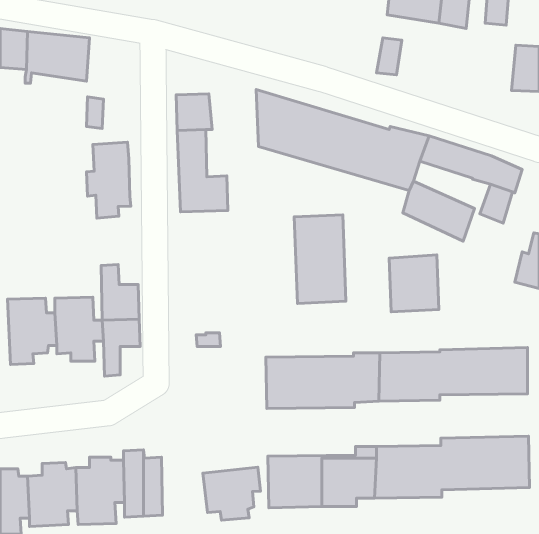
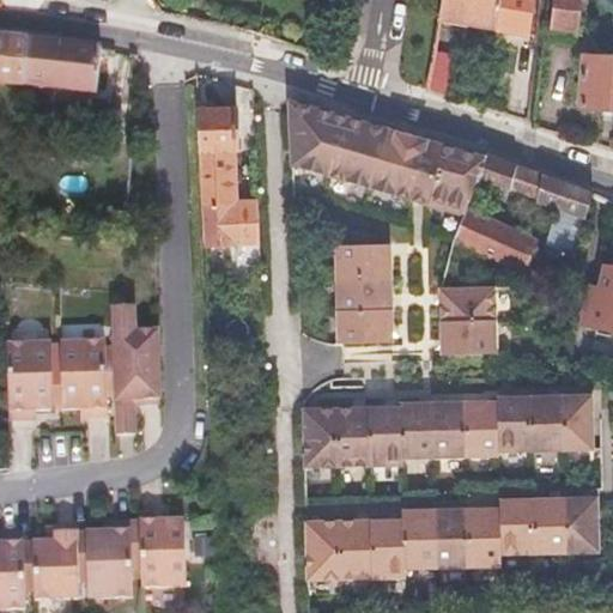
building: [86,142,131,218] -> none
building: [203,467,261,520] -> none

